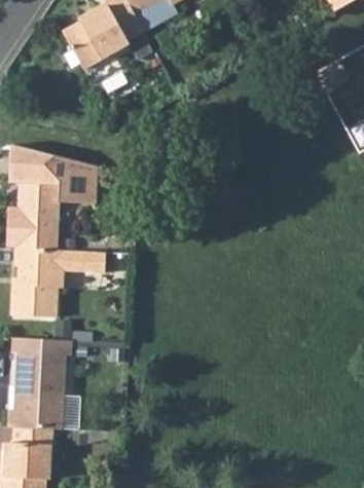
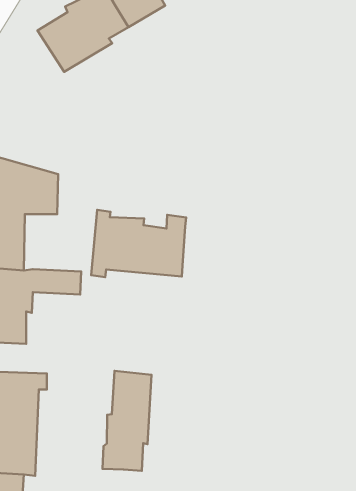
building: none -> [91,210,186,277]
building: none -> [102,371,152,471]

